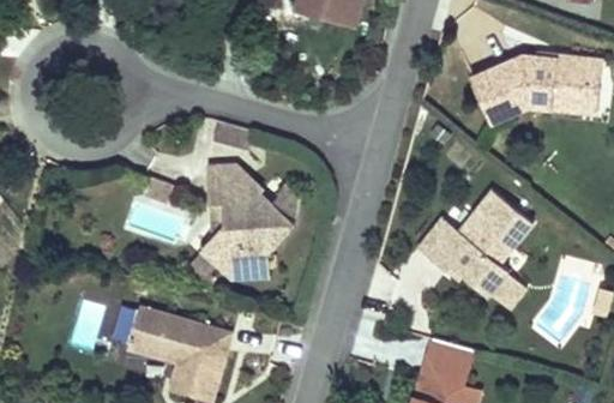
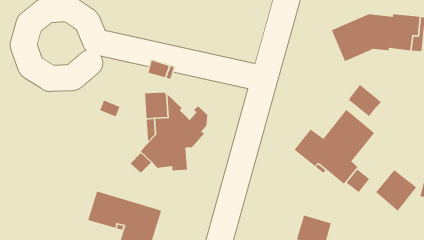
building: none -> [348,84,382,117]
building: none -> [375,169,417,212]

